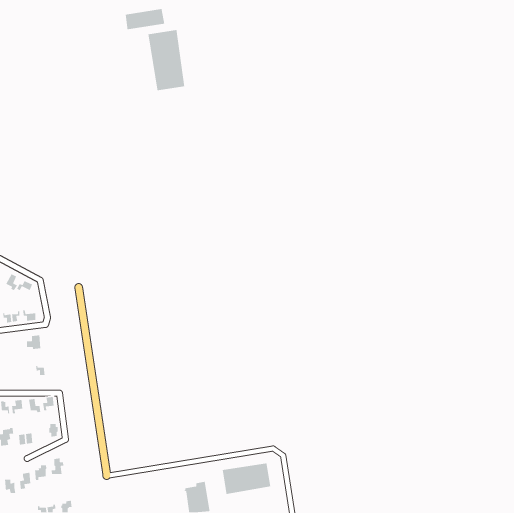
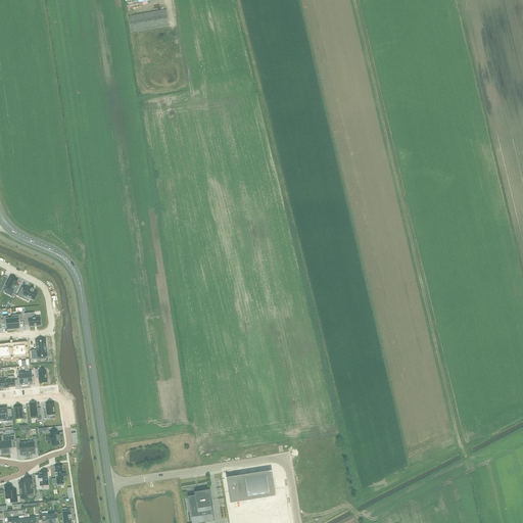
building: [147,29,185,91] -> none

